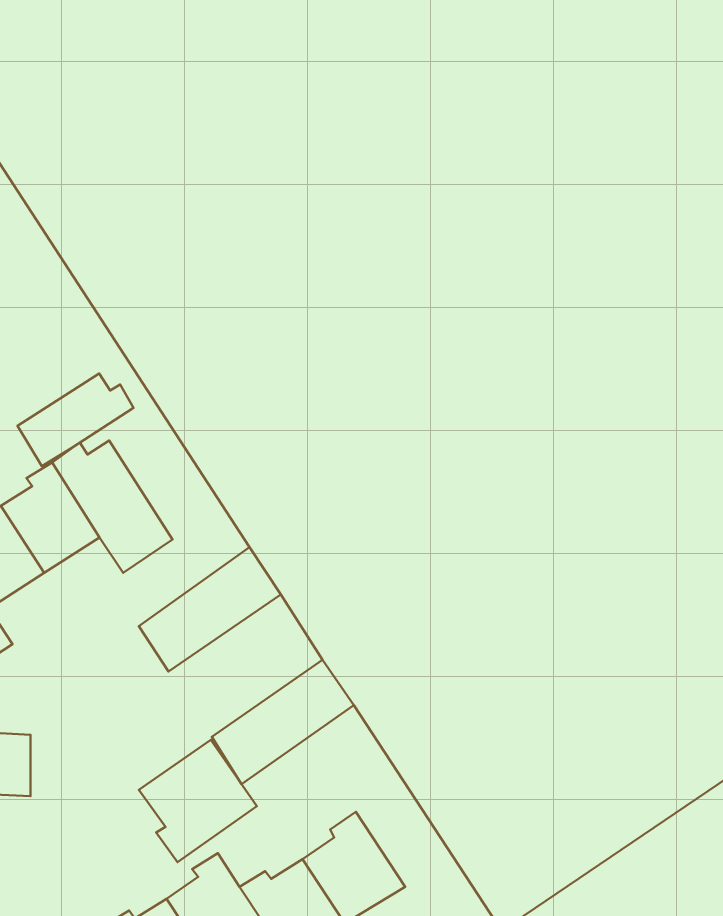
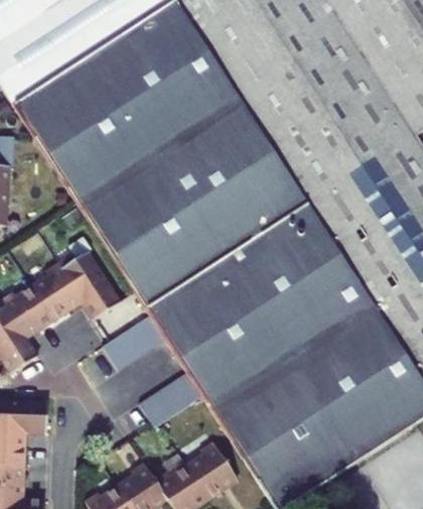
building: [17,373,133,466] -> none
building: [139,740,257,862] -> none

